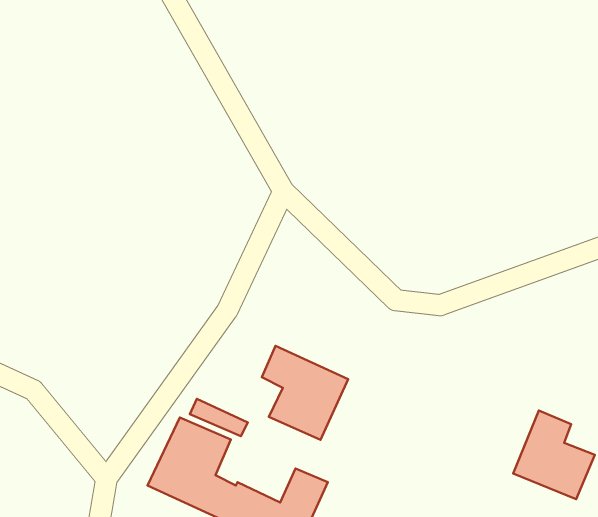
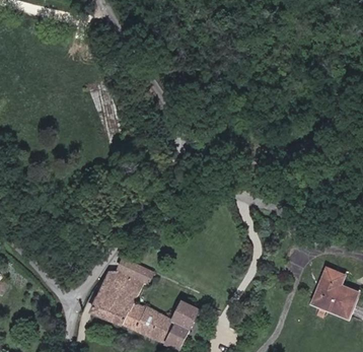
building: [262,346,348,440] -> none

